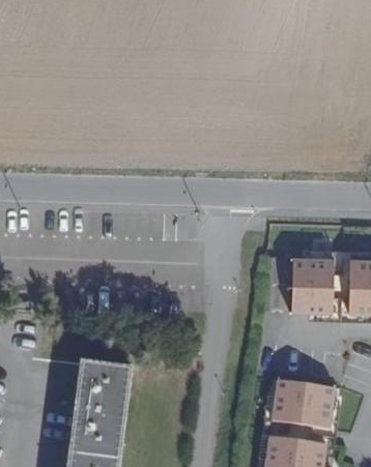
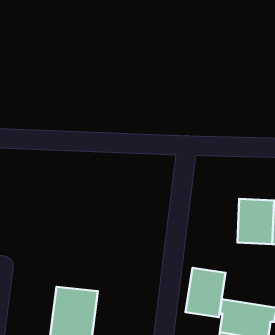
building: none -> [186,268,226,317]

